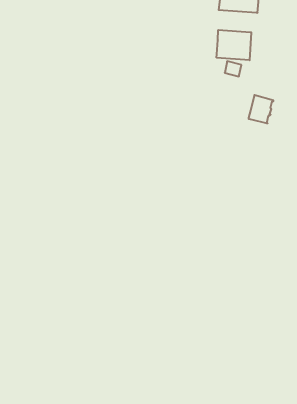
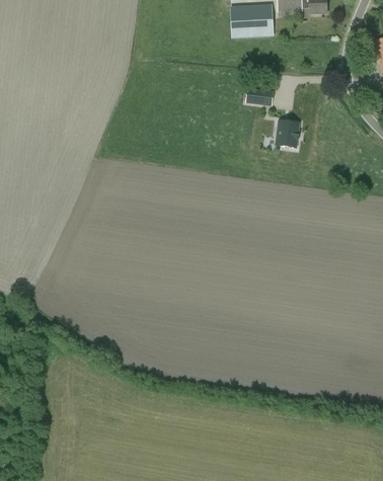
building: [217,30,251,60] -> none

